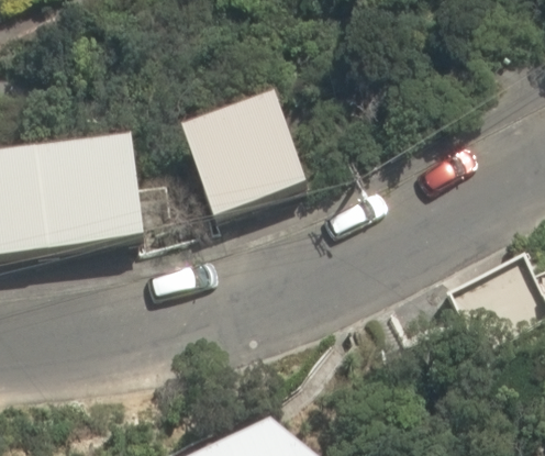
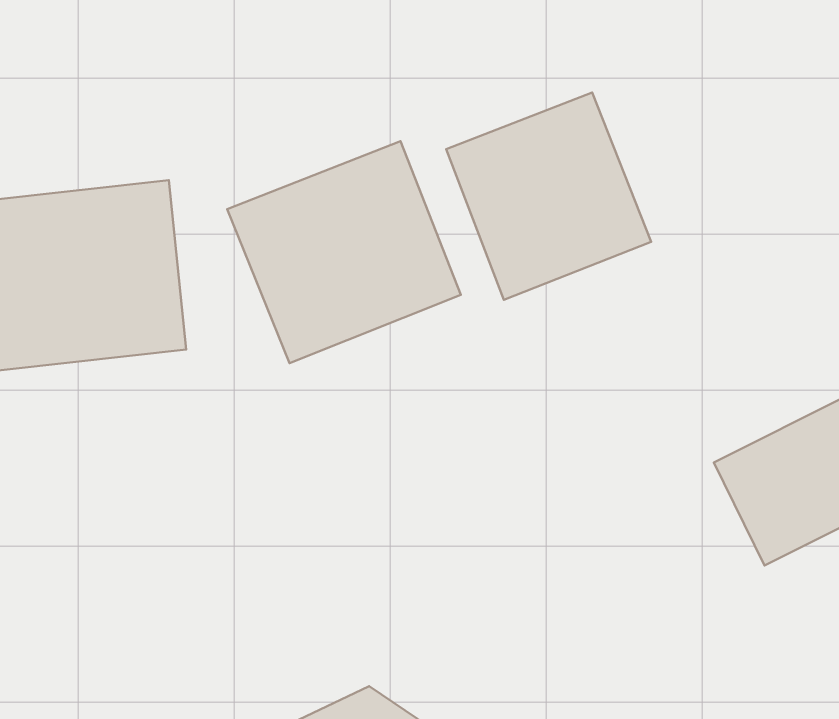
building: none -> [446,92,651,300]

